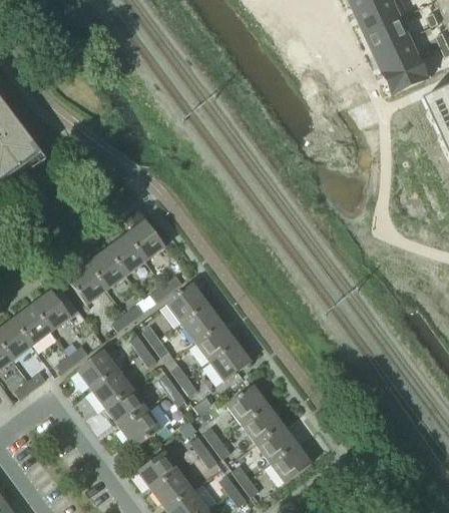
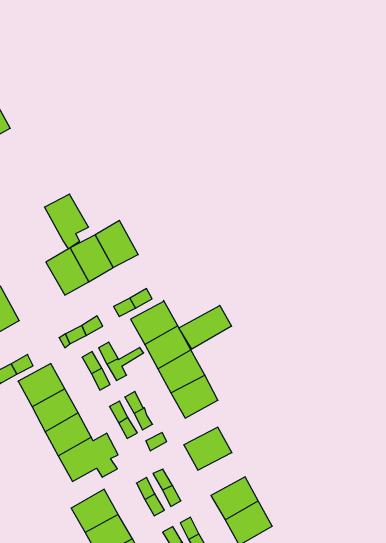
building: [66,264,106,311] -> [44,194,89,249]
building: none -> [179,305,232,349]
building: [241,405,282,444] -> none

